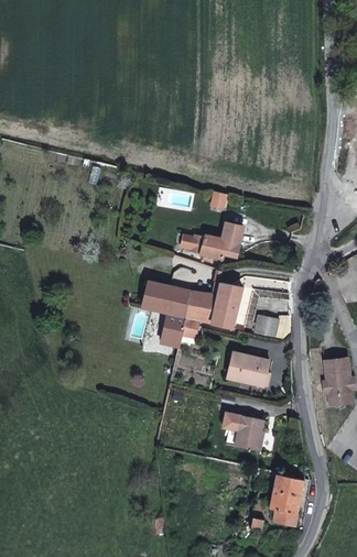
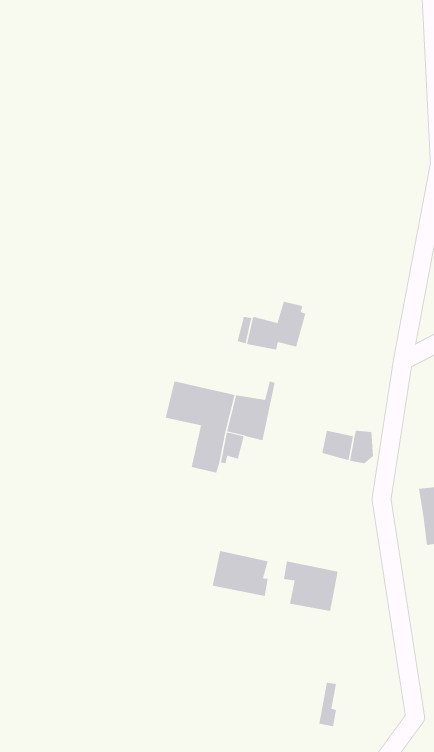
building: [212,283,240,329] -> none
building: [226,353,267,386] -> [212,550,269,597]
building: [271,473,304,525] -> none

